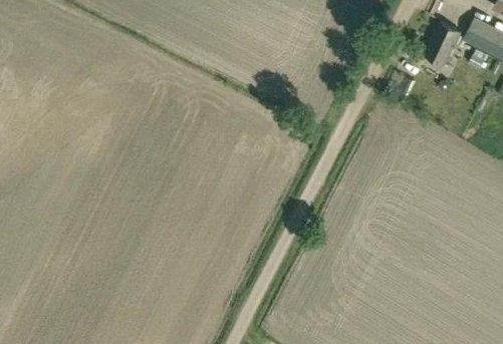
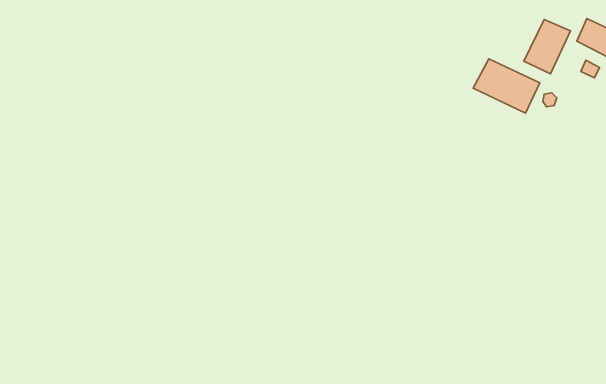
building: none -> [473,59,540,113]

